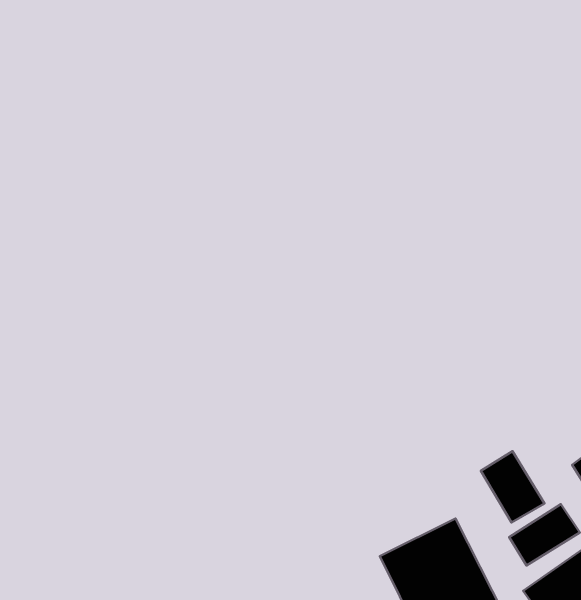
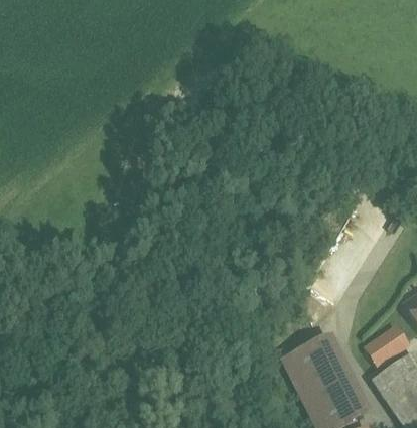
building: [481,451,545,522] -> none

